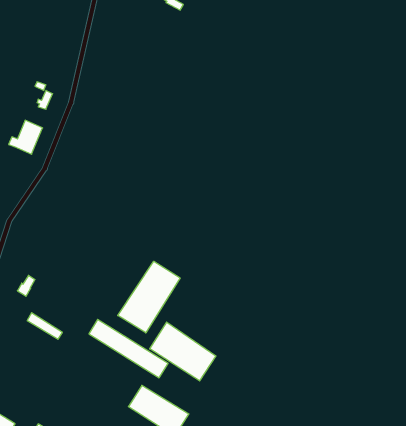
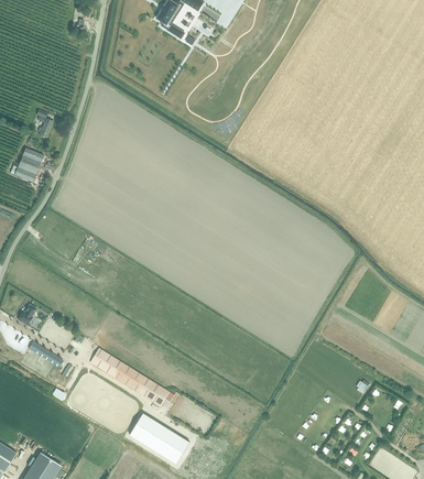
building: [118,261,180,333] -> none
building: [150,322,216,381] -> none

